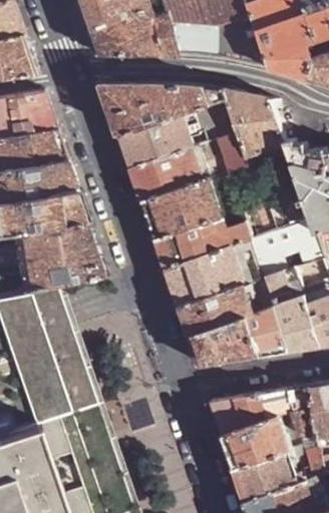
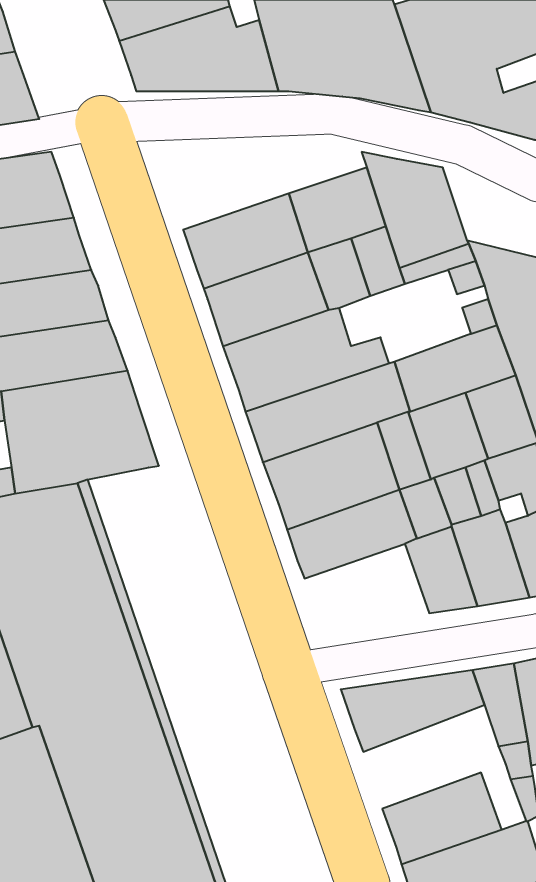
building: [101,83,225,134] -> none
building: [189,316,261,365] -> none
building: [223,414,291,469] -> none

